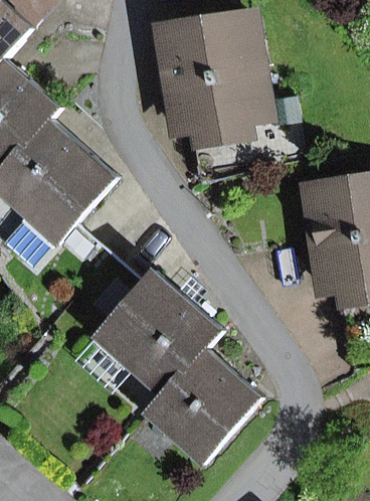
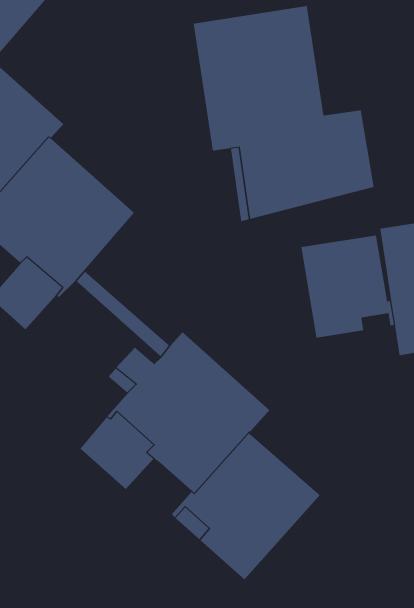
building: none -> [301,234,394,338]

